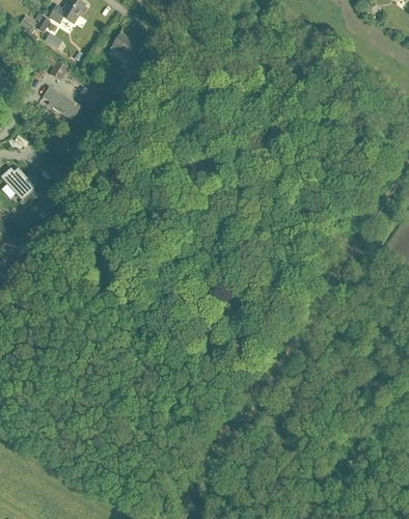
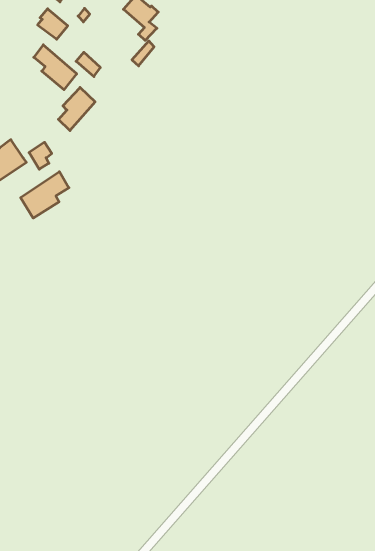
building: none -> [58,87,95,131]
building: none -> [21,172,69,218]

